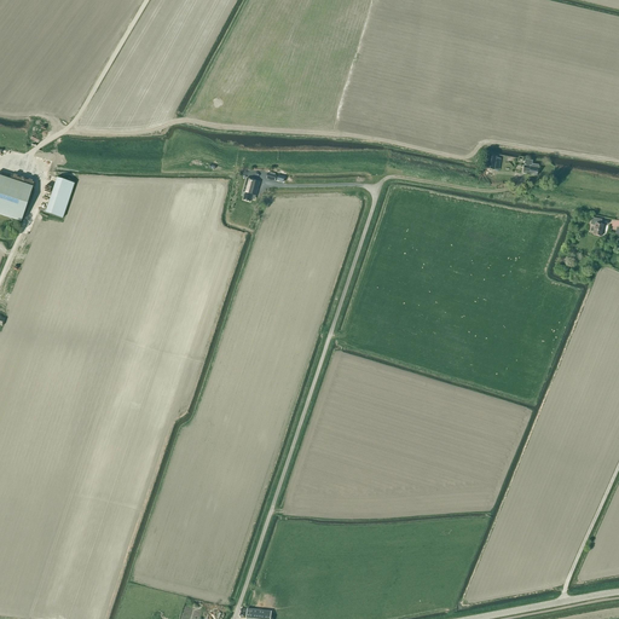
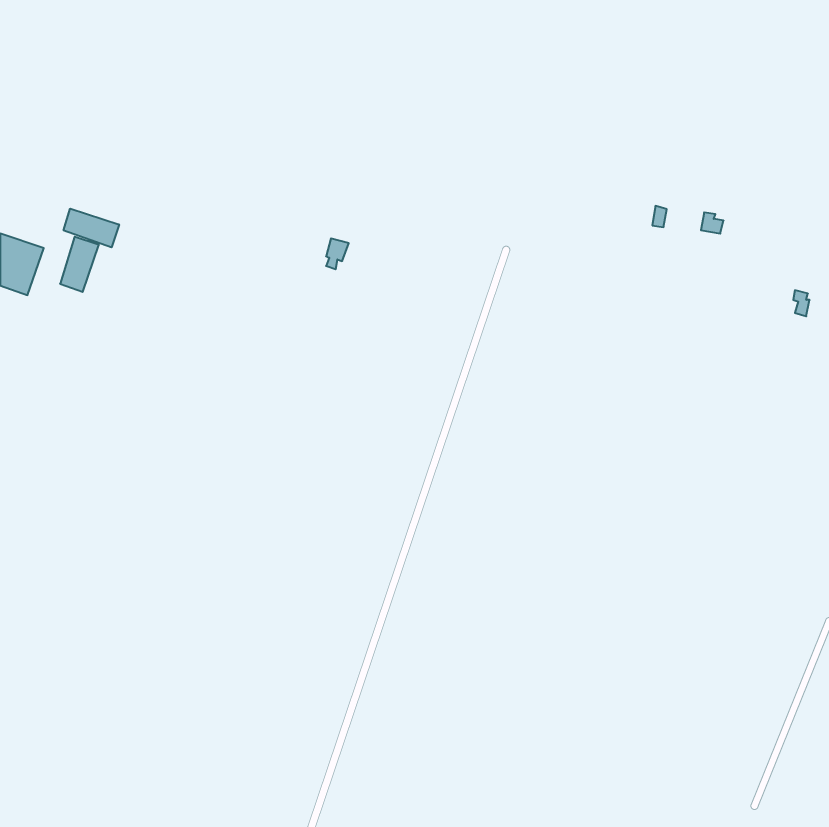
building: none -> [64,209,119,247]

